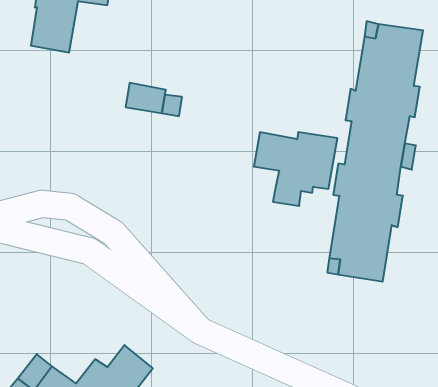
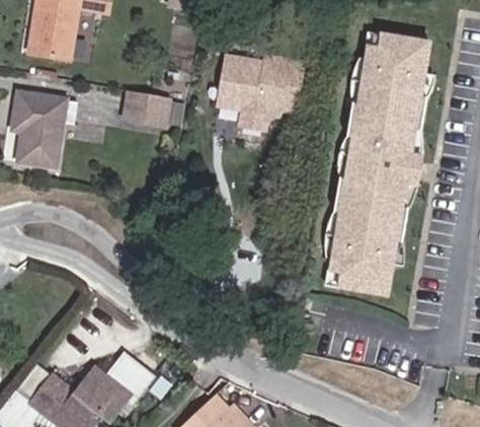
building: none -> [15,93,65,166]
building: [254,132,337,206] -> [221,56,305,130]

